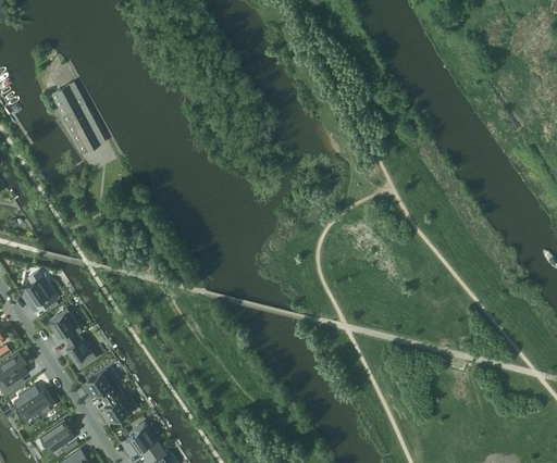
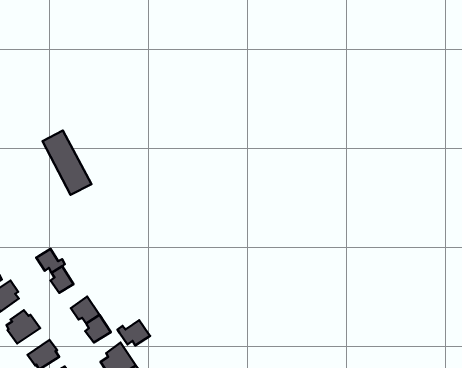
building: [51,82,107,154] -> [43,131,91,195]
building: [23,271,57,311] -> none
building: none -> [117,320,150,346]

